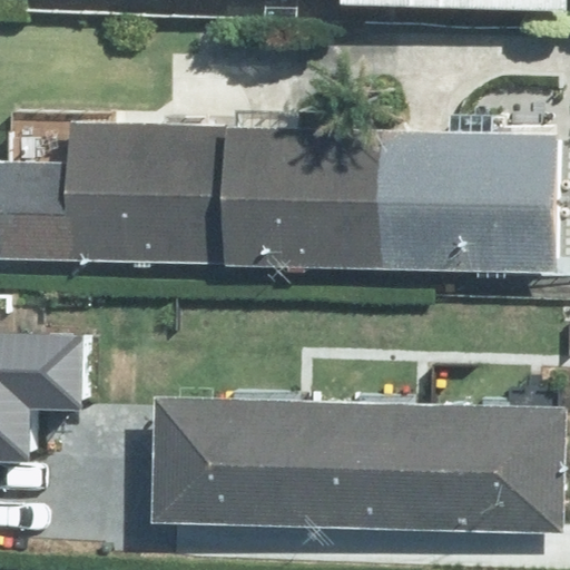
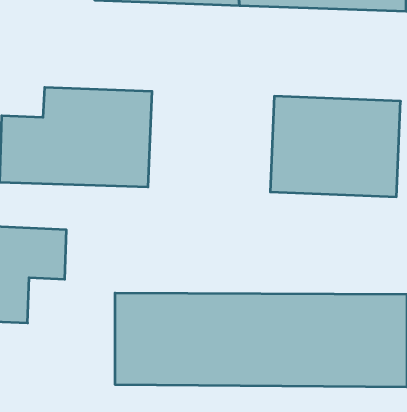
building: [204,126,377,264] -> none

